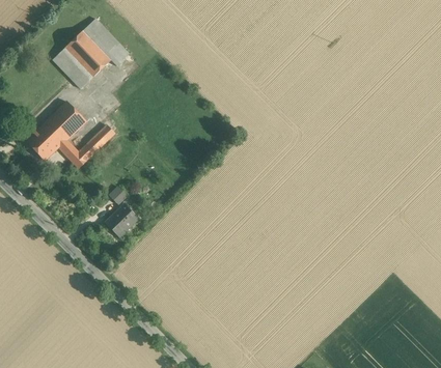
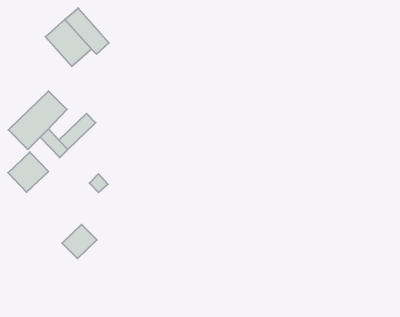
building: [52,47,91,88] -> none
building: none -> [8,152,48,192]
building: [104,203,139,237] -> [62,225,97,258]

